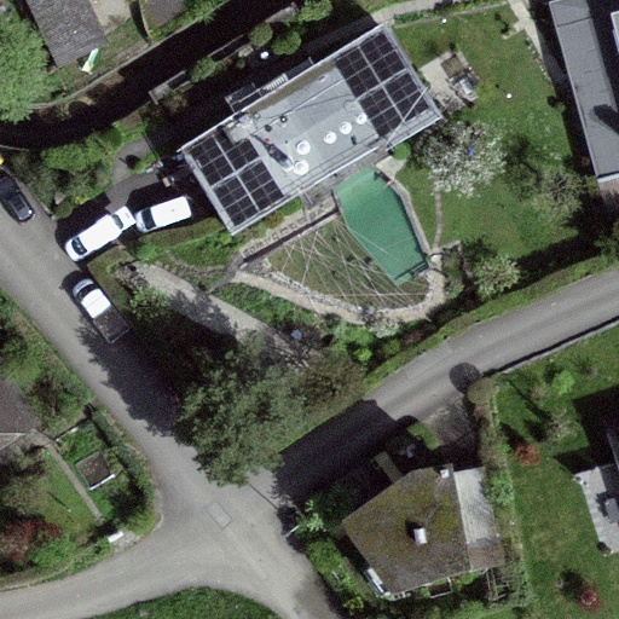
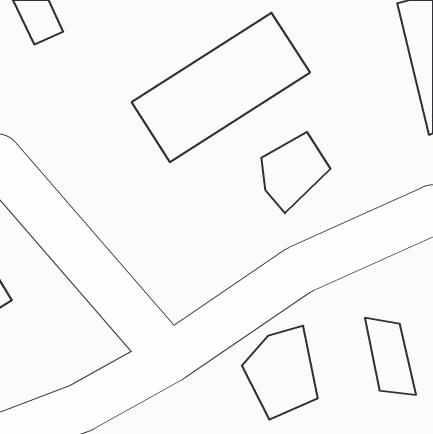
building: none -> [261,132,330,213]
building: [429,464,502,573] -> [365,318,416,395]

